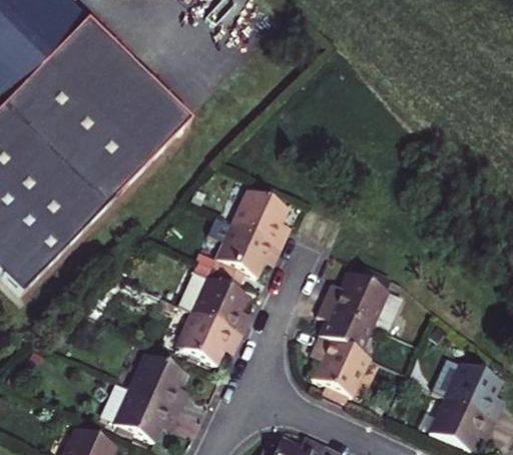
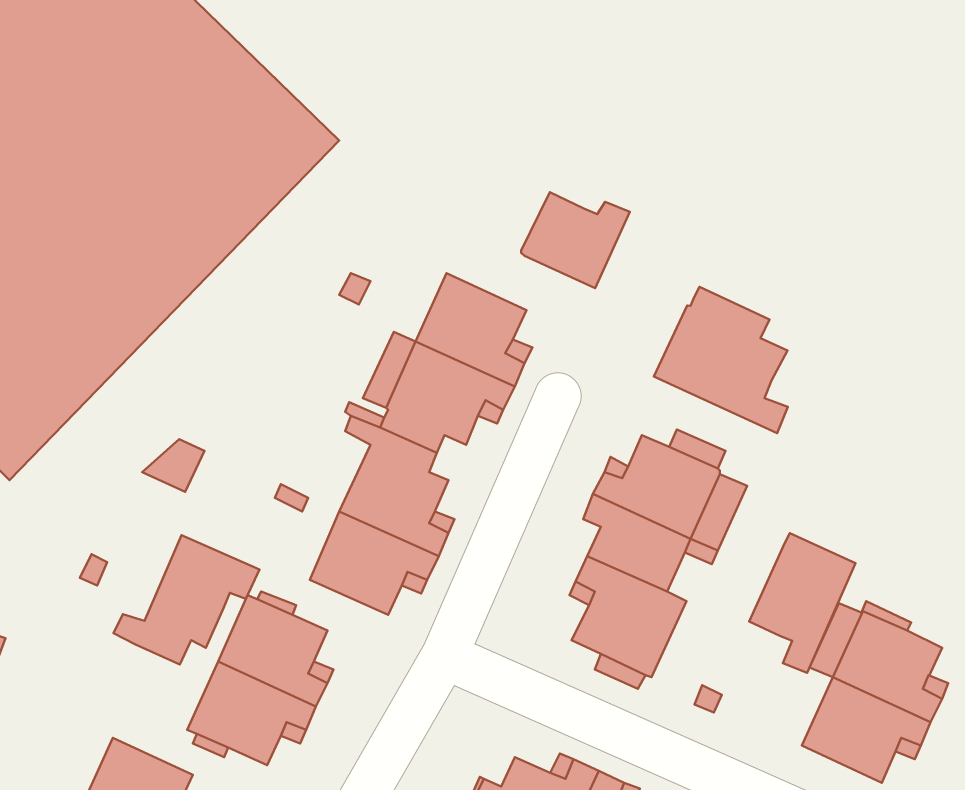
building: none -> [521,192,630,288]
building: none -> [654,287,788,433]
building: none -> [749,533,856,673]
building: none -> [114,535,260,664]

